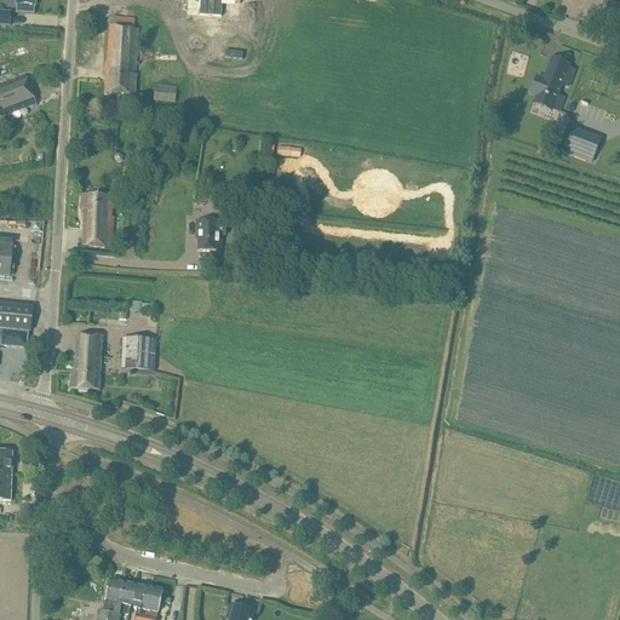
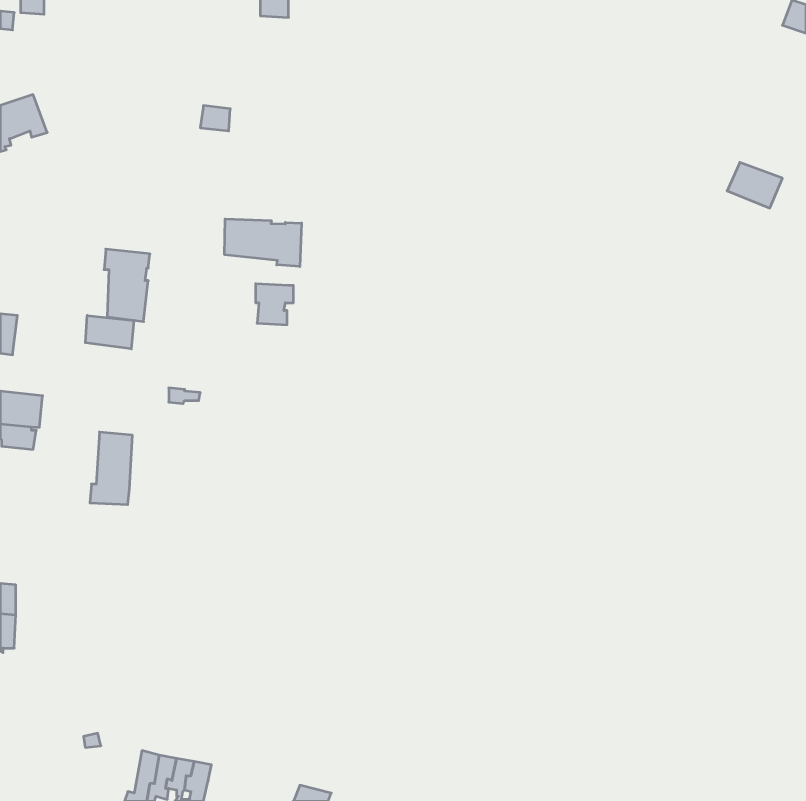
building: [105,23,138,92] -> none
building: [530,56,574,109] -> none
building: none -> [225,219,302,267]
building: none -> [85,315,134,349]
building: [122,335,156,372] -> none

